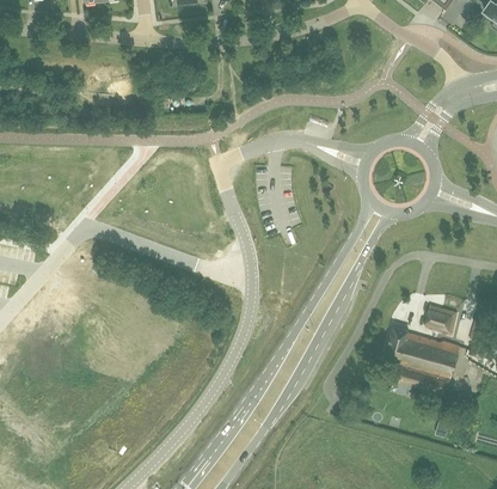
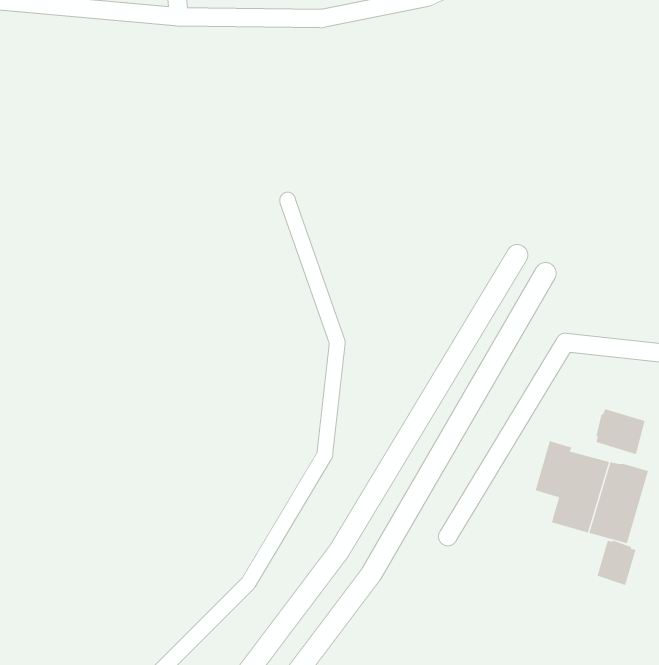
building: none -> [597,540,636,586]

